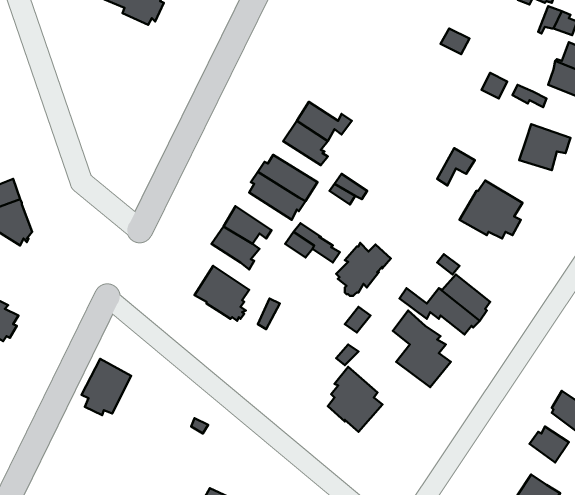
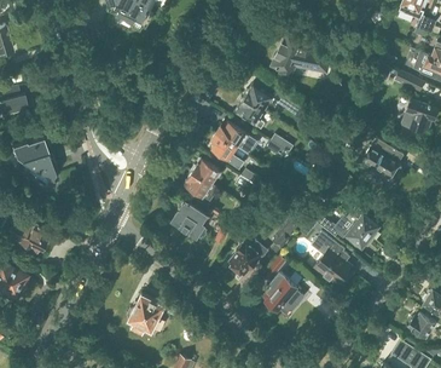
building: none -> [269,33,329,75]
building: [336,243,391,296] -> [228,240,267,277]
building: [82,359,131,415] -> [128,293,163,333]

